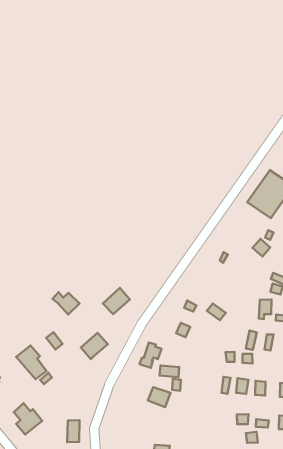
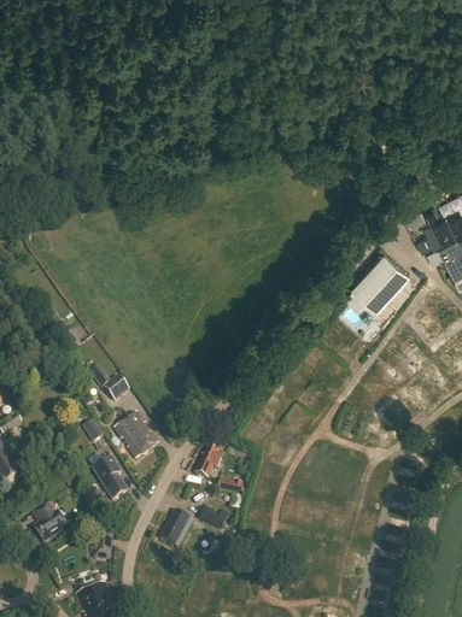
building: [103,288,130,314] -> [113,411,147,442]
building: [16,345,46,379] -> [92,457,127,499]
building: none -> [160,510,193,547]

